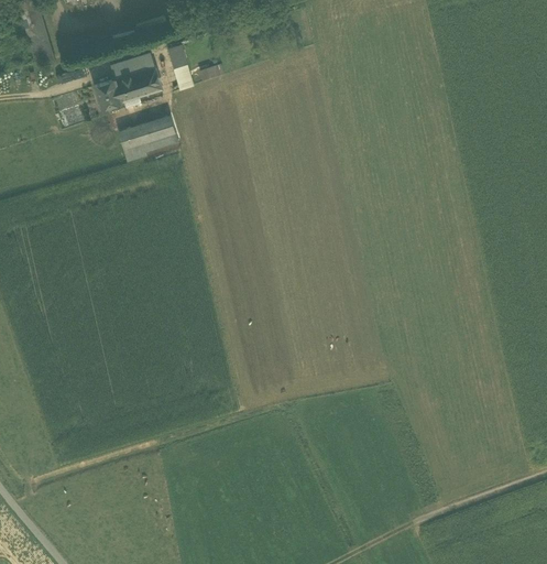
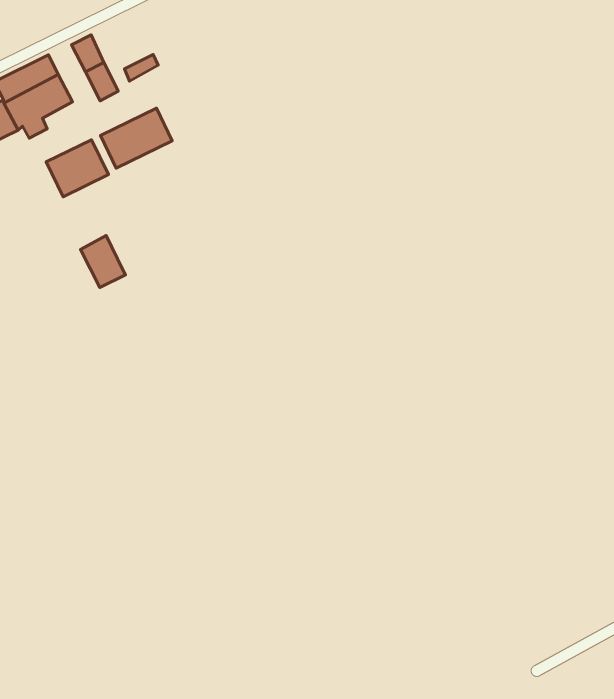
building: none -> [100,108,172,168]
building: [118,126,145,160] -> [81,236,126,287]

